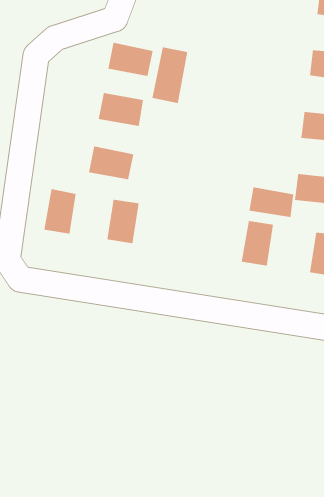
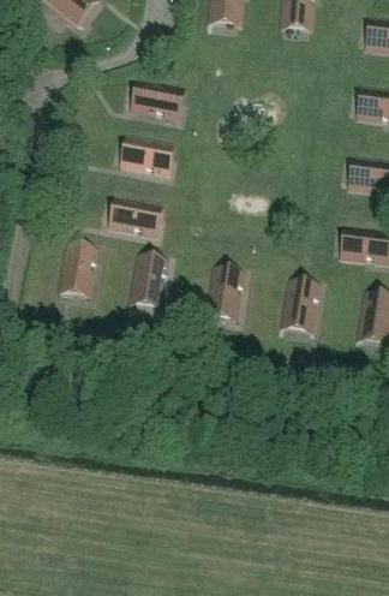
building: [152,47,188,104] -> none
building: [249,187,294,218] -> none
building: none -> [207,268,243,318]

